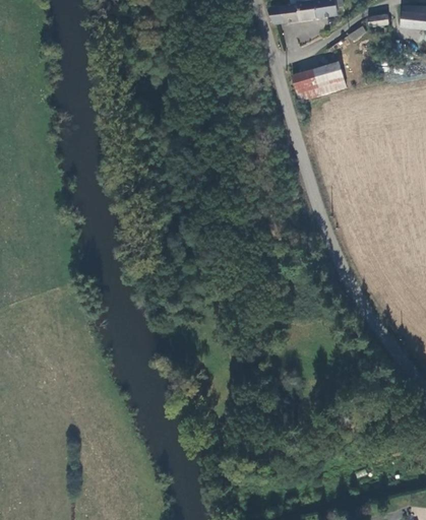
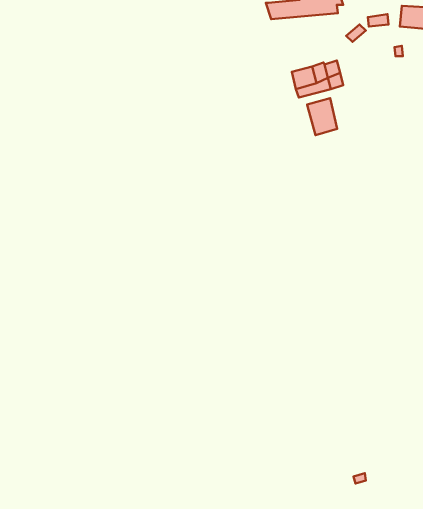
building: none -> [307,98,337,135]

